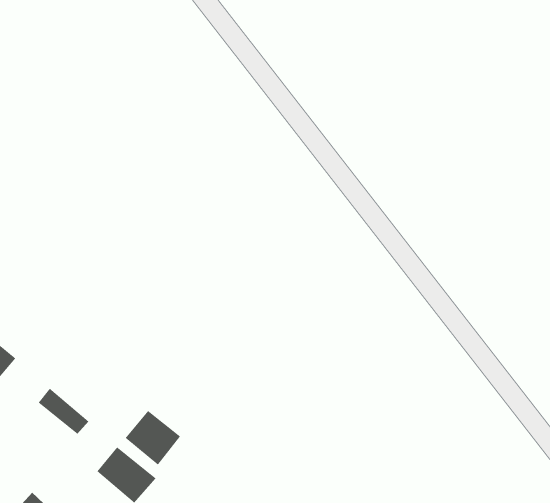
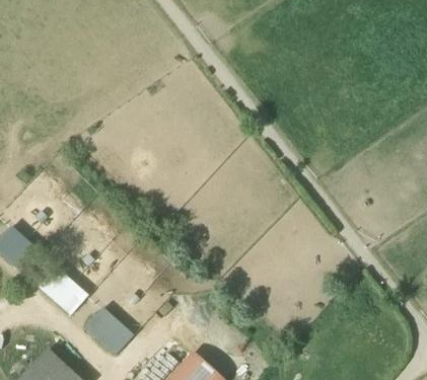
building: [125,410,181,466] -> none

